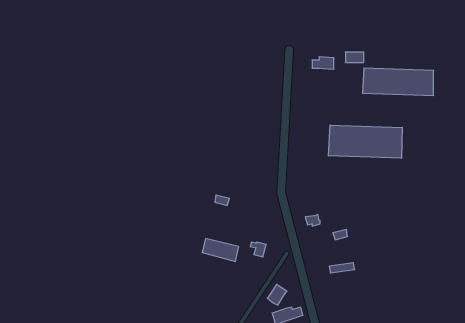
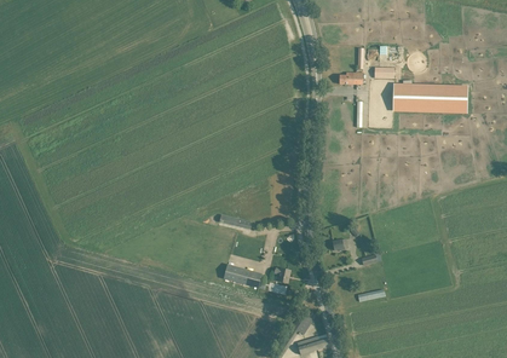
building: [328,125,402,158] -> none

